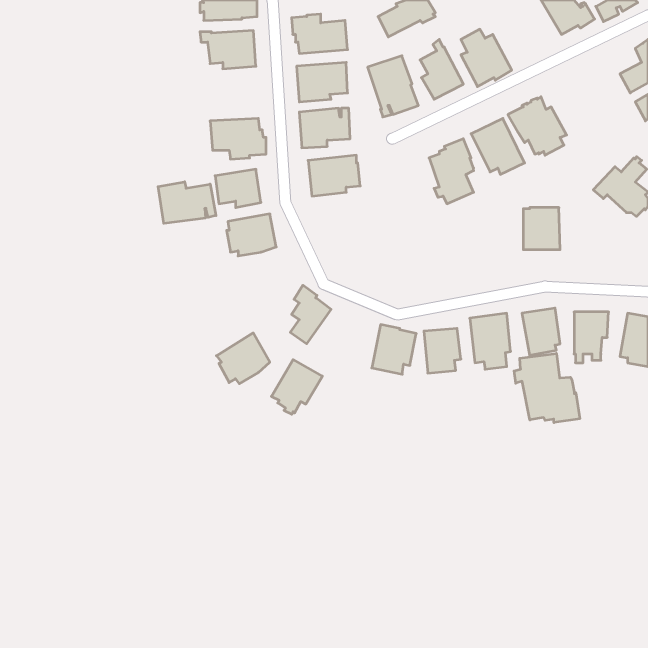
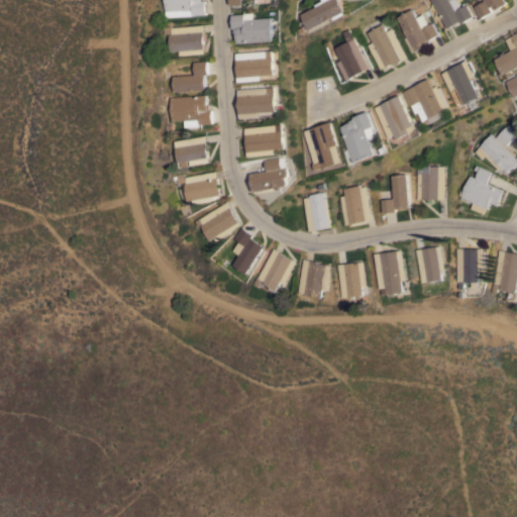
building: none -> [395,10,438,54]
building: [368,56,418,117] -> [302,123,342,172]
building: none -> [441,61,481,106]
building: none -> [170,62,207,93]
building: [158,182,216,223] -> none
building: none -> [249,158,290,193]
building: none -> [455,166,502,215]
building: none -> [379,175,408,214]
building: none -> [337,186,372,226]
building: none -> [301,192,331,232]
building: [216,333,270,384] -> [196,202,238,242]
building: [514,353,580,423] -> none
building: [271,360,322,414] -> [254,249,295,293]

